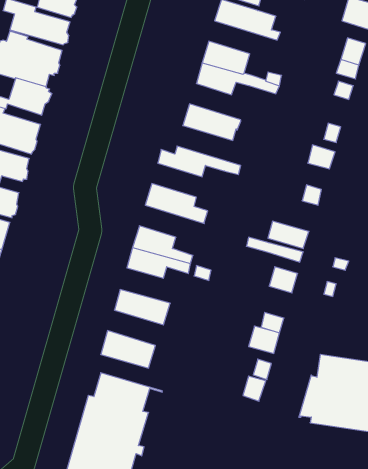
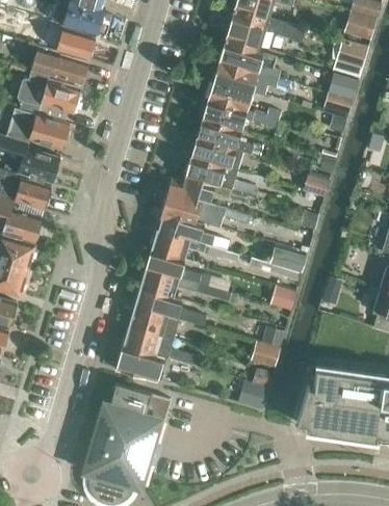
building: none -> [214,62,277,97]
building: none -> [197,119,253,156]
building: none -> [185,158,247,194]
building: none -> [162,192,251,224]
building: none -> [151,231,239,263]
building: none -> [133,288,206,327]
building: none -> [122,326,200,367]

